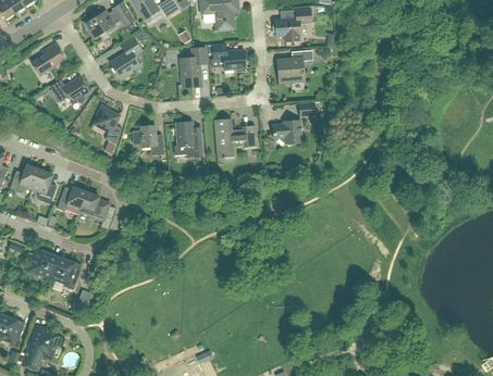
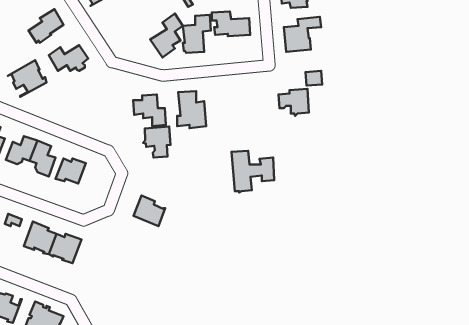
building: [109,37,140,79] -> [150,14,183,57]
building: none -> [8,60,47,97]
building: [93,103,122,143] -> none
building: [214,117,256,158] -> [231,151,274,192]
building: none -> [143,126,170,157]
building: [78,190,109,220] -> [134,196,165,226]

